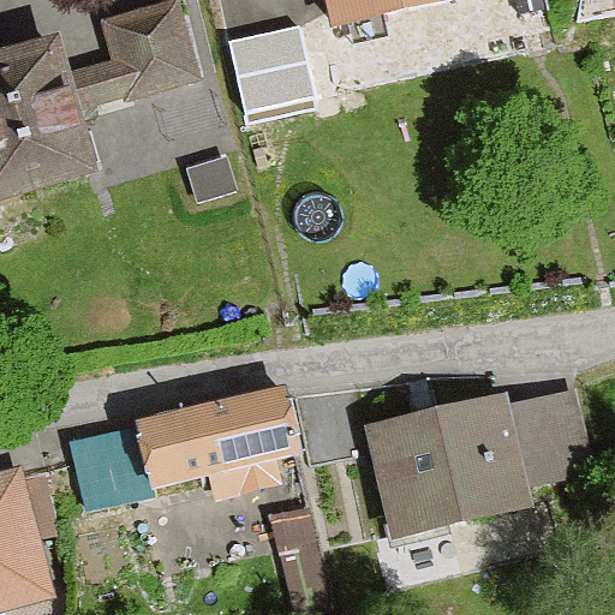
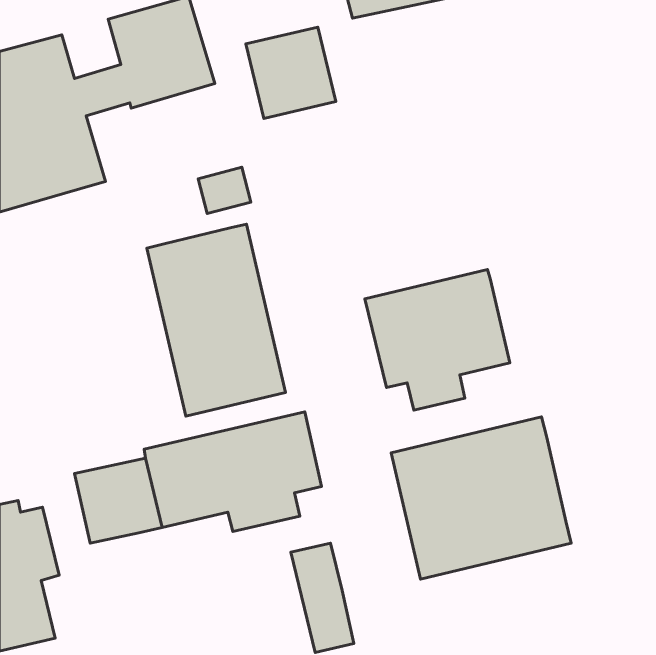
building: none -> [147,224,286,416]
building: none -> [365,270,510,410]
building: [510,393,593,486] -> none

